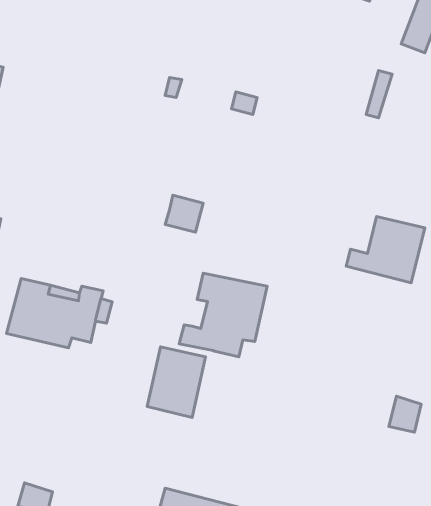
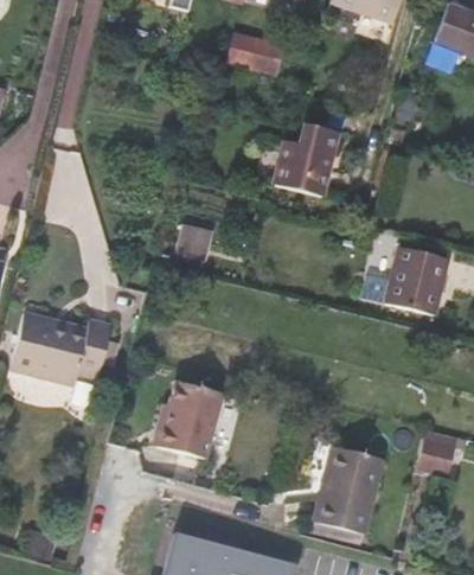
building: none -> [228,34,283,74]
building: none -> [275,121,337,196]
building: [179,273,267,357] -> none
building: none -> [296,440,383,535]

